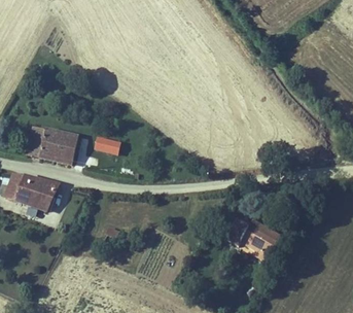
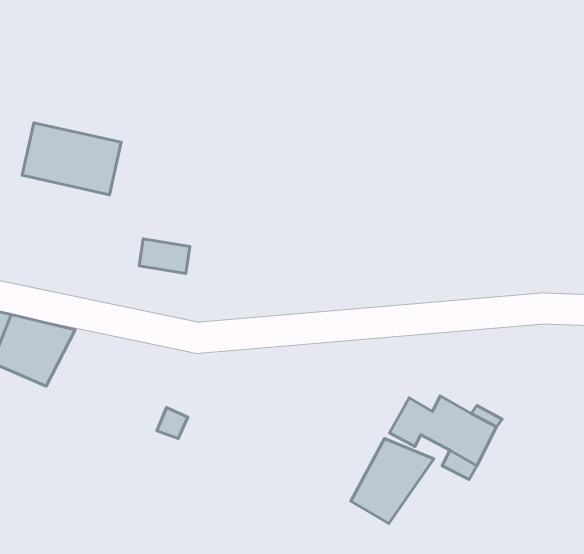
building: [27,126,79,164] -> [22,123,121,195]
building: none -> [351,439,434,523]

